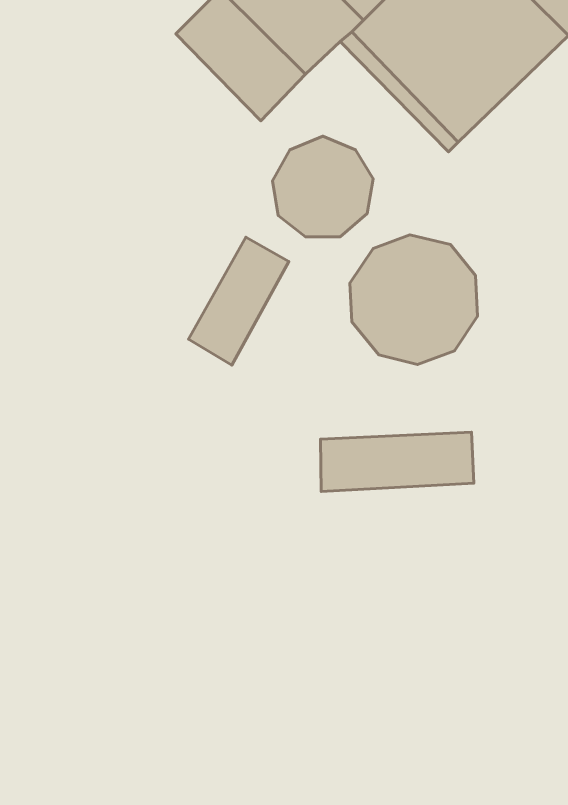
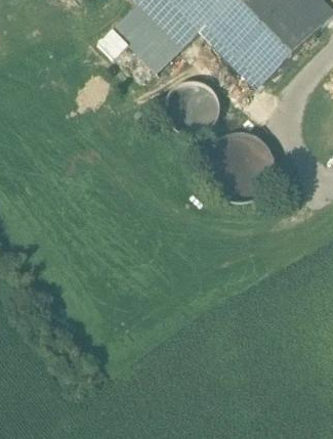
building: [188,237,289,365] -> none
building: [321,432,474,492] -> none

